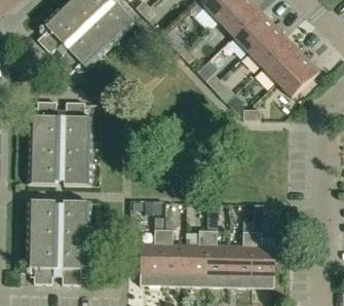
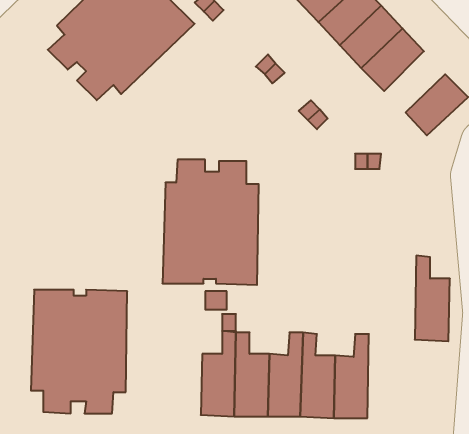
building: [263,40,304,81] -> none
building: [28,101,92,185] -> [162,160,259,285]
building: [252,230,275,288] -> [415,256,450,341]

